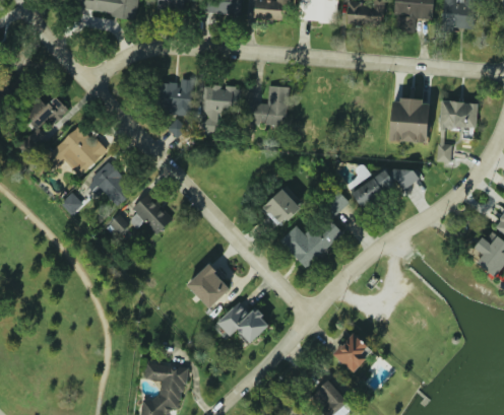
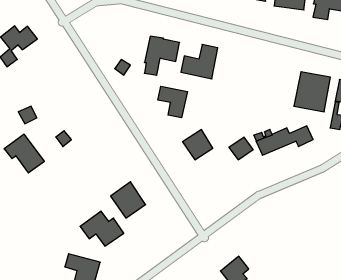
building: [160,79,191,114] -> none
building: [47,124,106,177] -> none
building: none -> [158,86,187,118]
building: [83,160,134,206] -> [4,134,44,173]
building: [131,193,173,234] -> none
building: [279,216,343,269] -> none
building: [216,301,270,343] -> [80,211,124,246]

